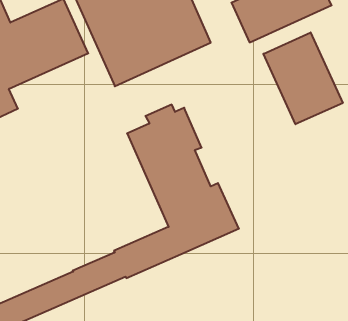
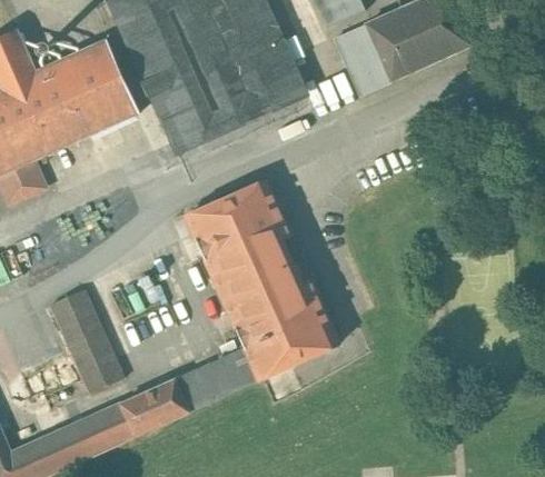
building: [263,32,343,124] -> none
building: none -> [50,289,122,391]

